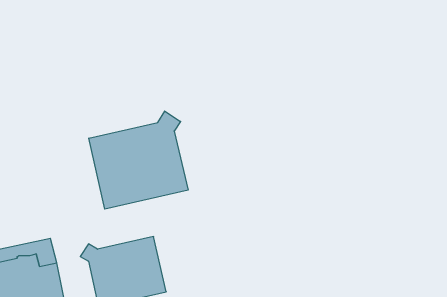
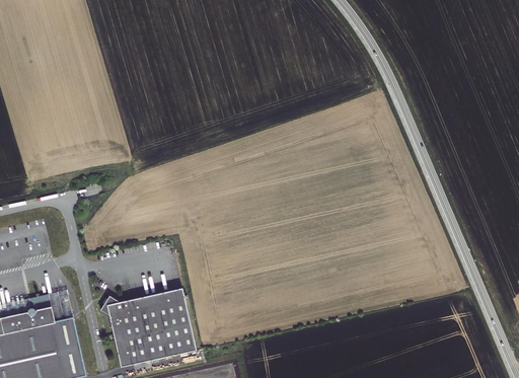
building: [89,111,188,209] -> none

